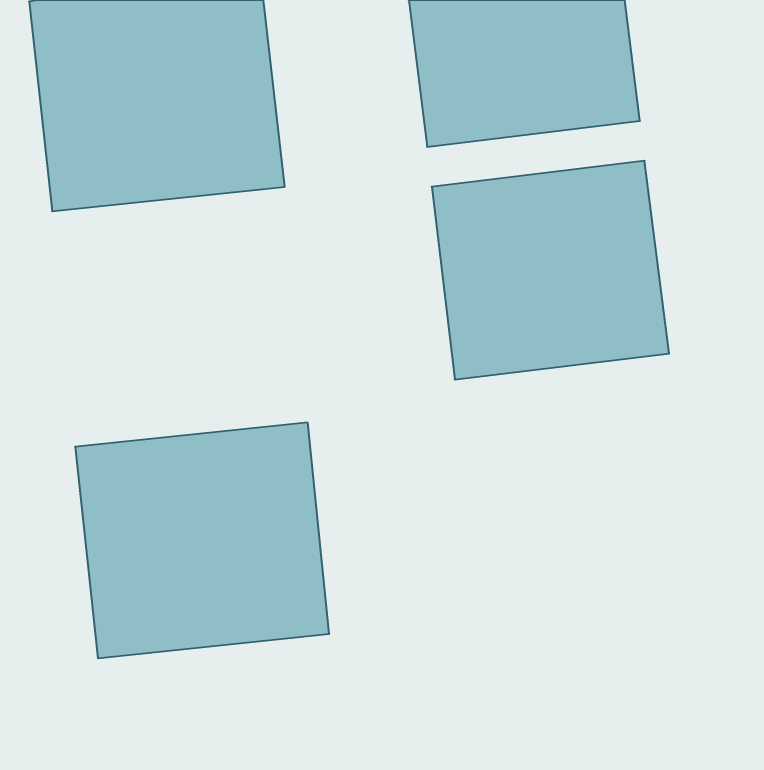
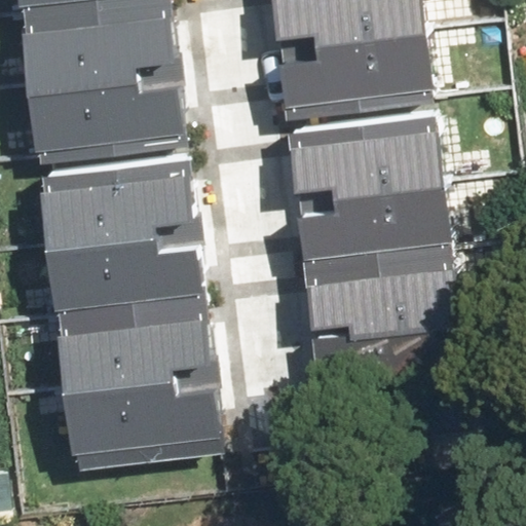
building: none -> [36,159,206,308]
building: none -> [305,246,456,329]

